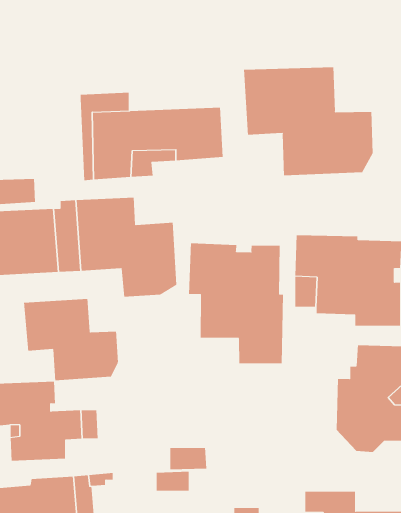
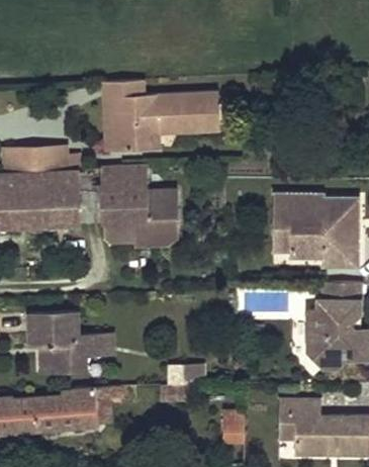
building: [244,67,373,176] -> none
building: [189,242,284,364] -> none
building: [24,298,118,381] -> none

